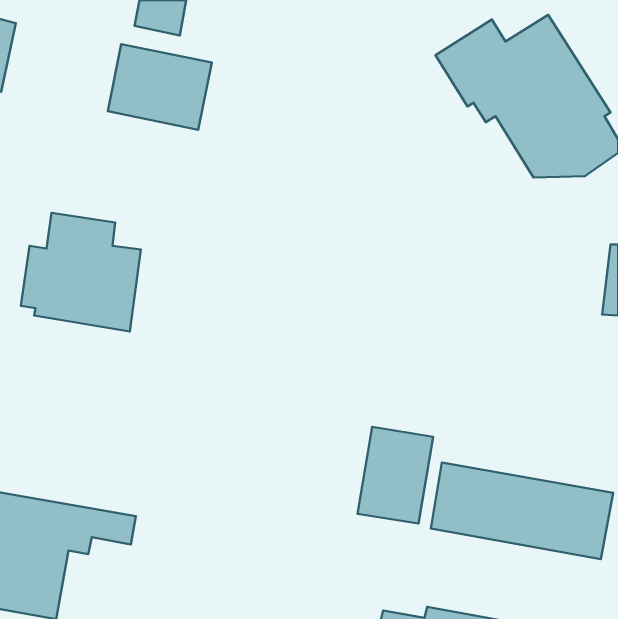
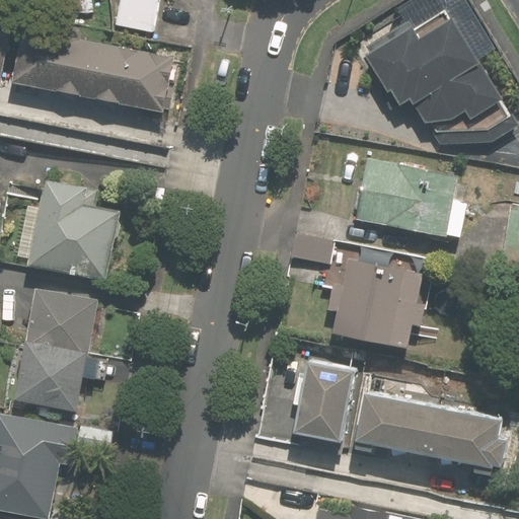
building: none -> [13,26,100,97]
building: none -> [357,158,458,236]
building: none -> [288,236,430,348]
building: none -> [14,288,106,413]

